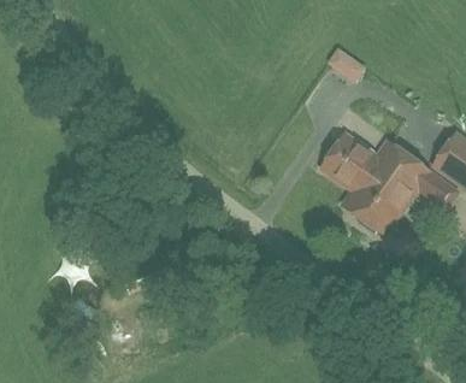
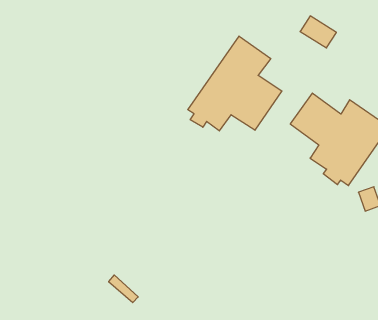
building: none -> [188,36,282,131]

